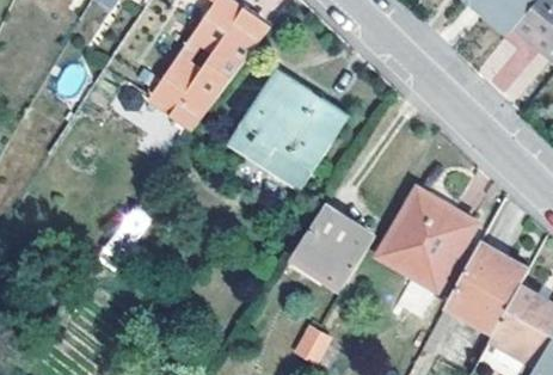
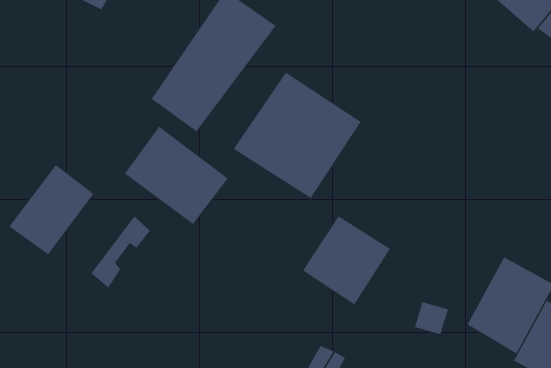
building: none -> [124,126,228,225]
building: none -> [8,164,94,255]
building: [379,186,477,288] -> none

